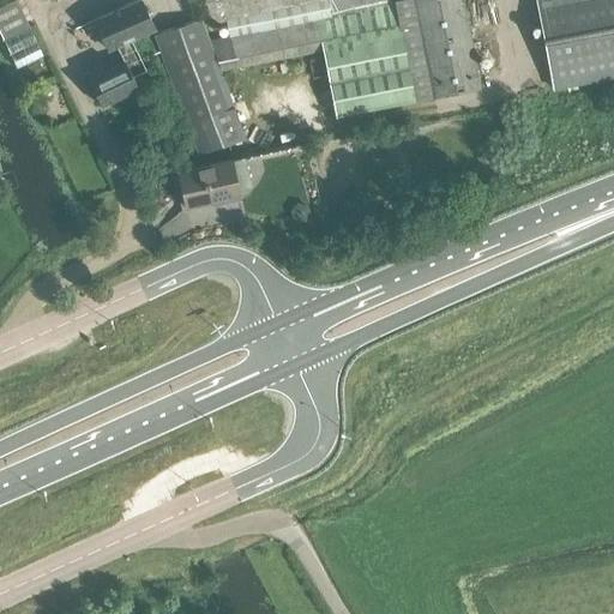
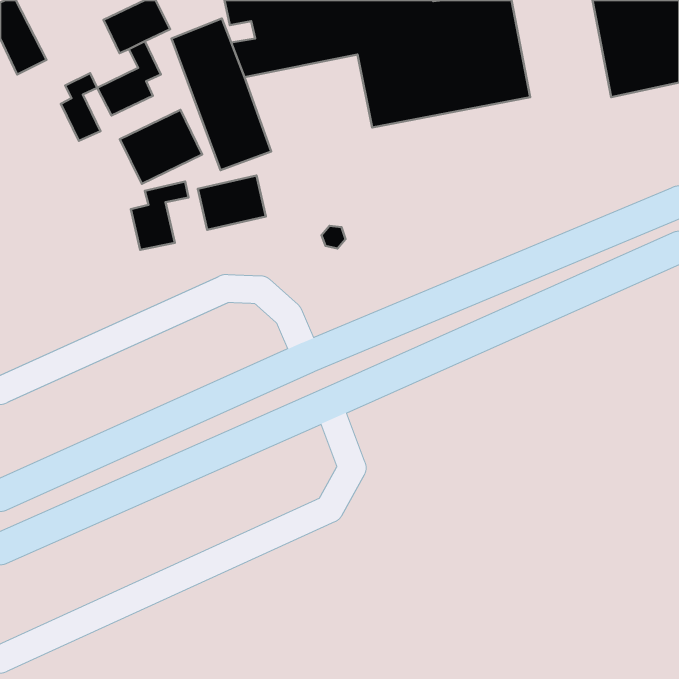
building: none -> [61,73,101,141]
building: none -> [120,110,202,184]
building: none -> [131,182,188,250]

